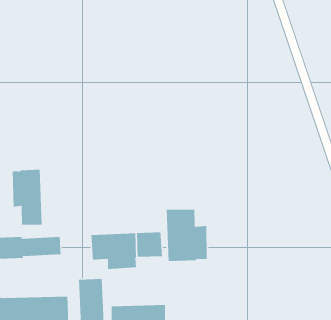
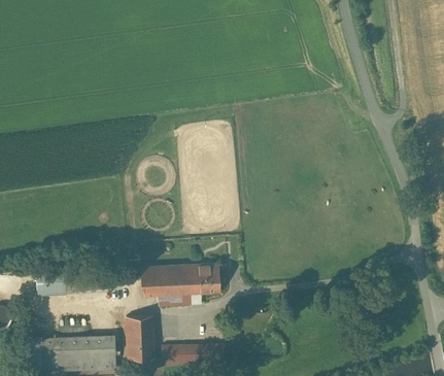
building: [12,169,42,225] -> none
building: [166,209,208,262] -> none

